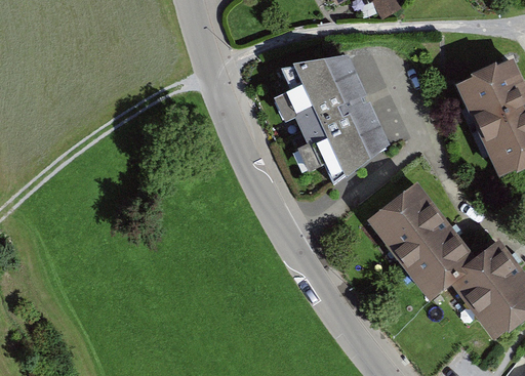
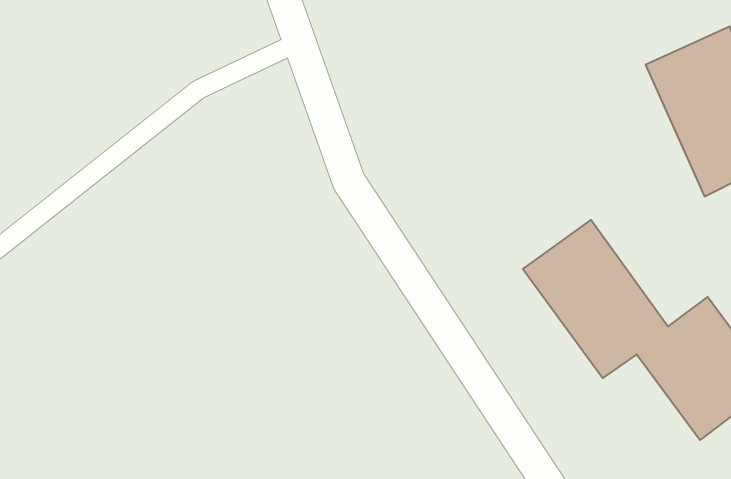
building: [282,51,392,181] -> none

